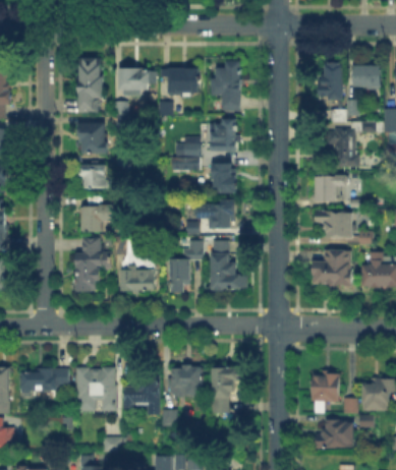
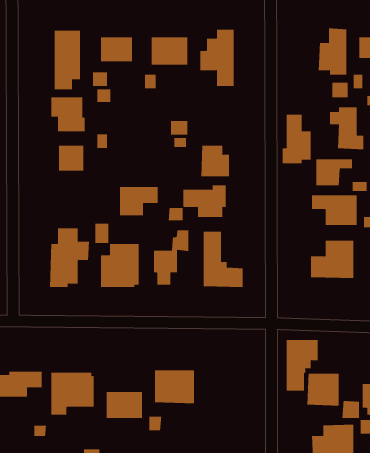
building: [215,124,241,153] -> none
building: none -> [282,114,311,164]
building: [80,208,116,234] -> [119,186,159,216]
building: [213,368,242,415] -> [286,339,318,391]

